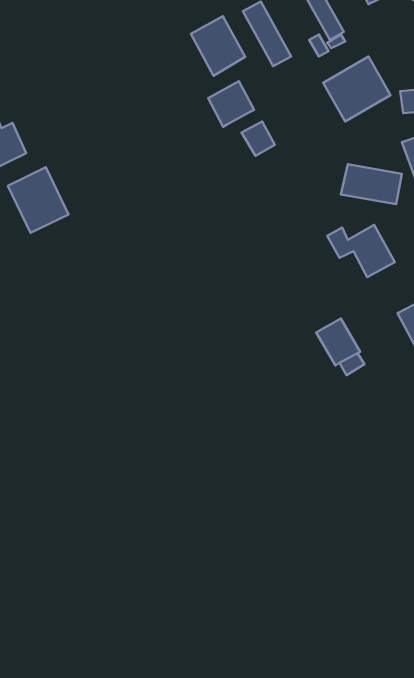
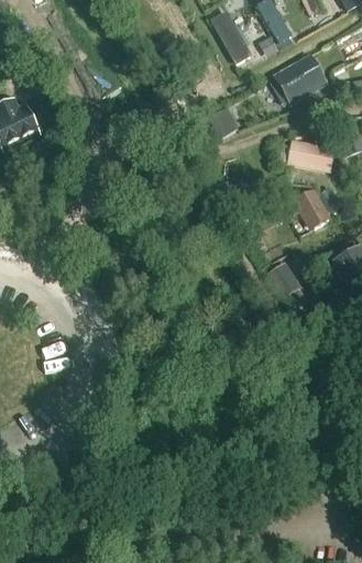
building: [191,16,245,76] -> none
building: [208,81,254,127] -> none
building: [8,167,69,233] -> none

